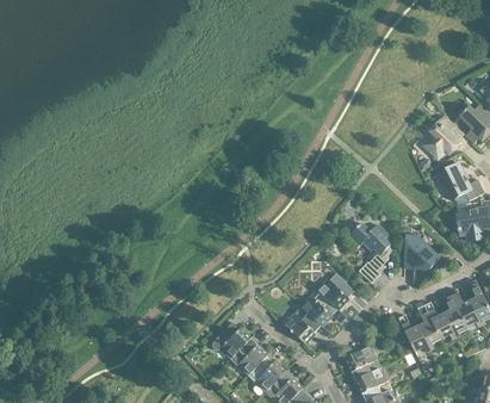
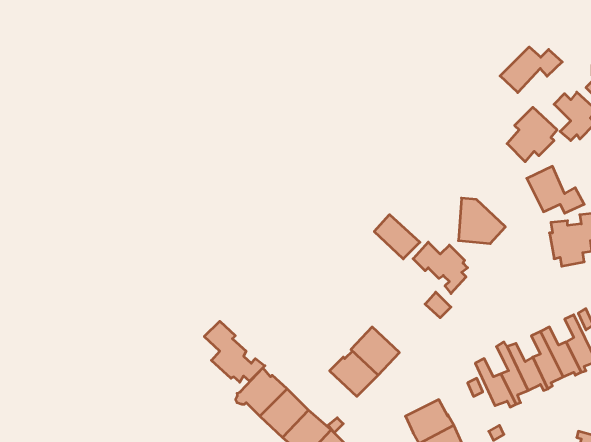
building: none -> [500,47,562,93]
building: none -> [374,215,420,259]
building: [403,234,440,269] -> [458,198,505,244]
building: [317,273,354,309] -> none
building: none -> [204,321,265,382]

